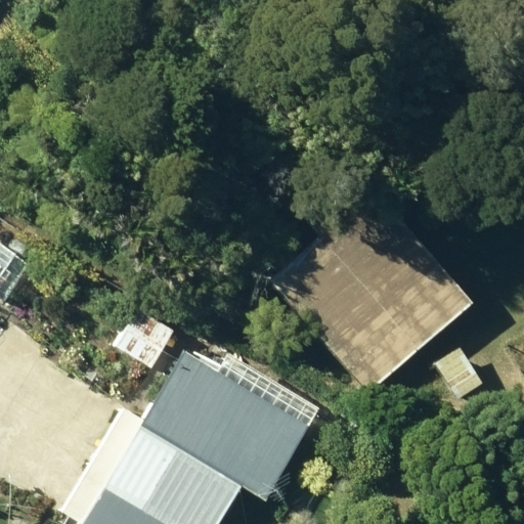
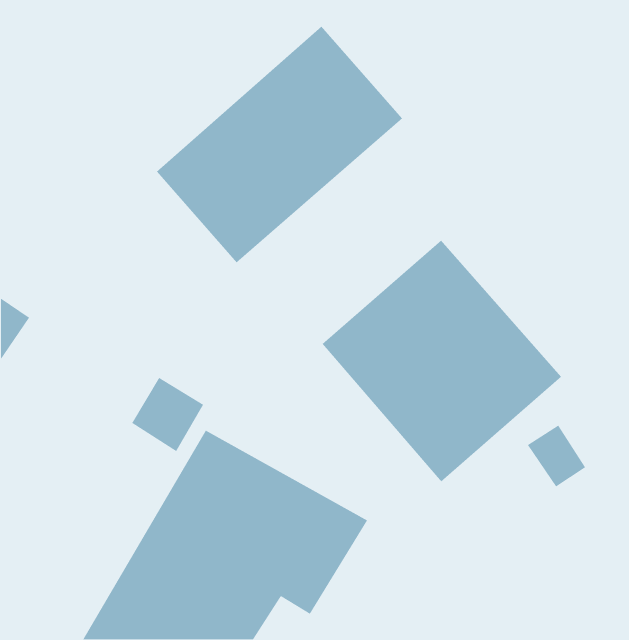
building: none -> [156,25,403,263]

